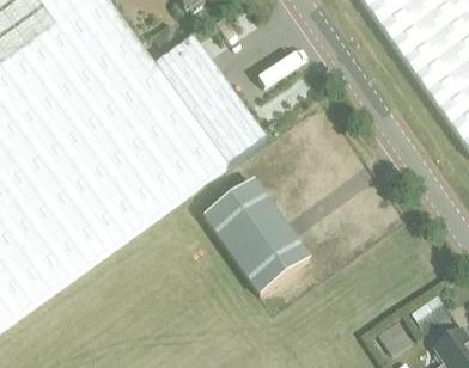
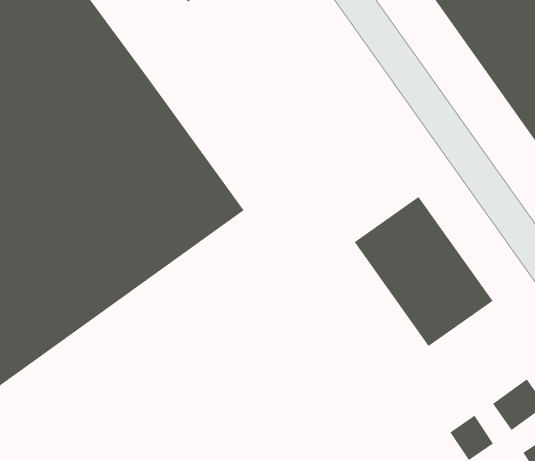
building: [156,39,267,166] -> none
building: [205,180,310,294] -> [354,196,493,347]

